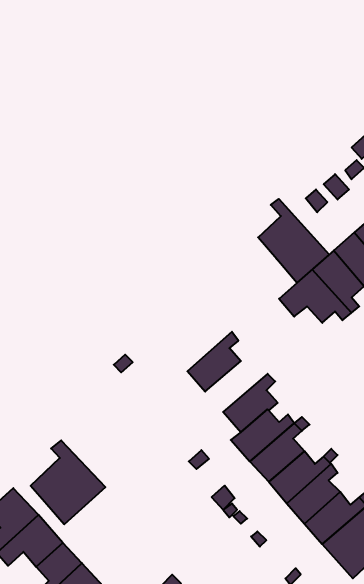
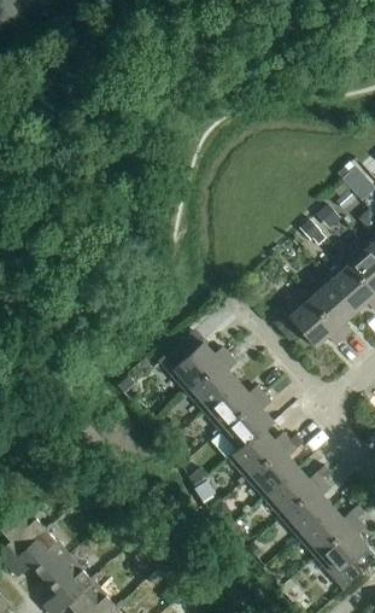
building: [258,199,329,283] -> none
building: none -> [160,343,232,393]
building: none -> [206,384,265,432]
building: [31,440,105,524] -> none

